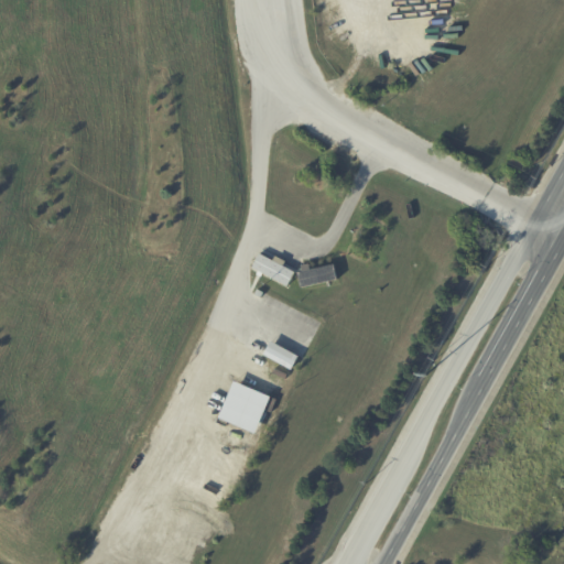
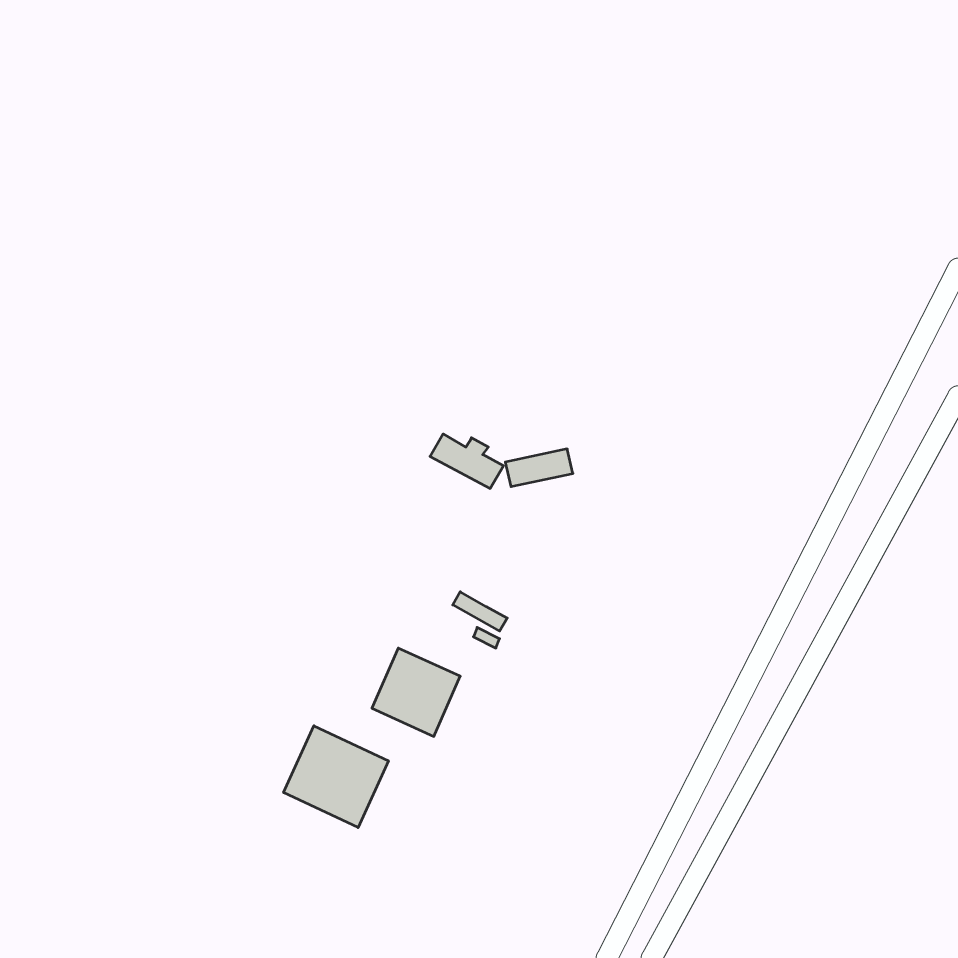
building: none -> [284,726,388,828]

